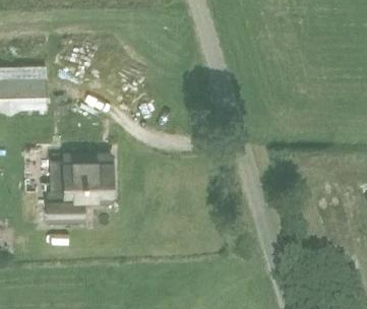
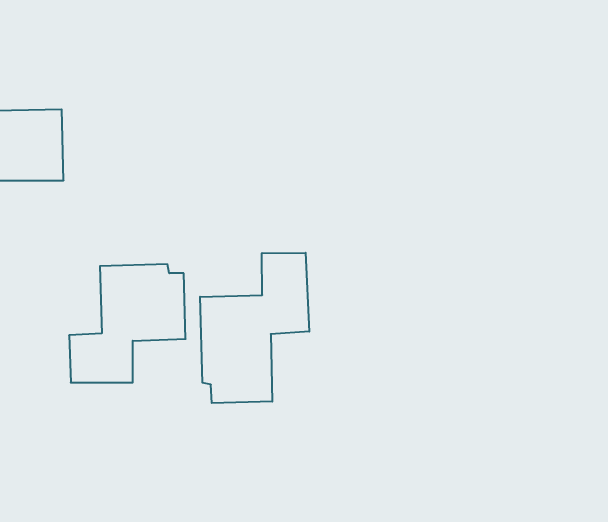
building: none -> [200,253,309,403]

